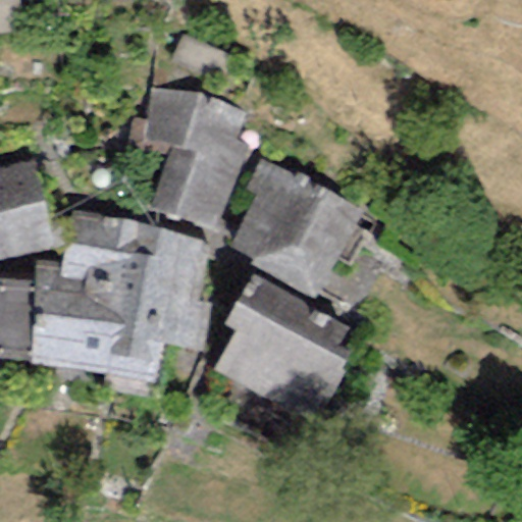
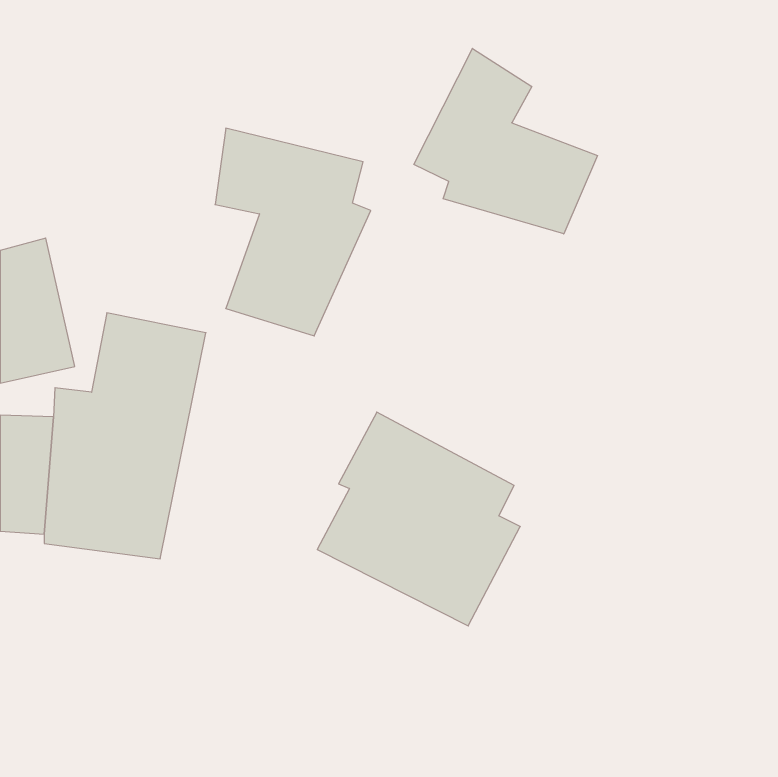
building: none -> [414,48,597,234]
building: [229,156,362,297] -> none
building: [108,222,210,382] -> none

